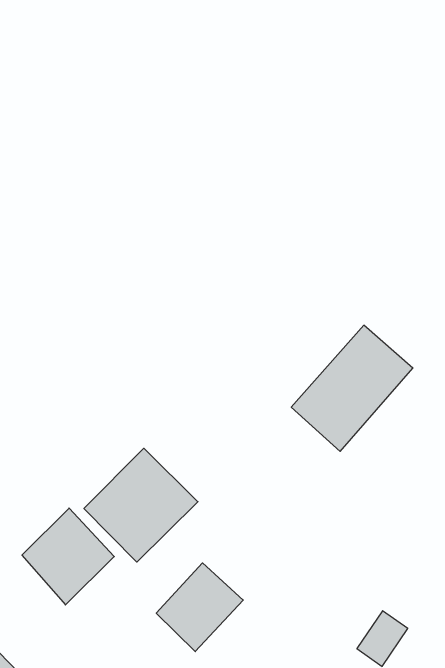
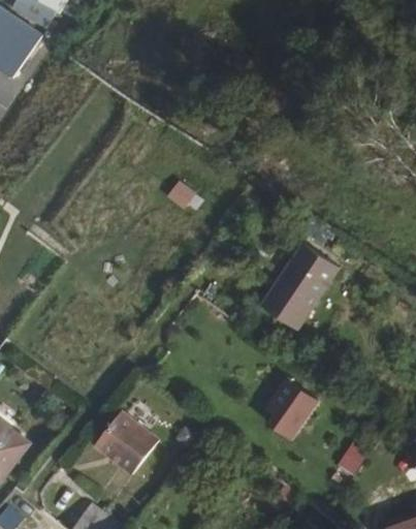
building: [84,448,198,562] -> none
building: [156,563,243,652] -> [266,380,323,440]

